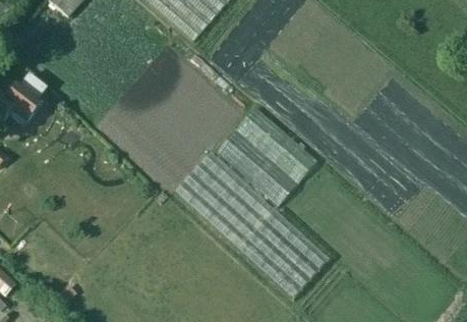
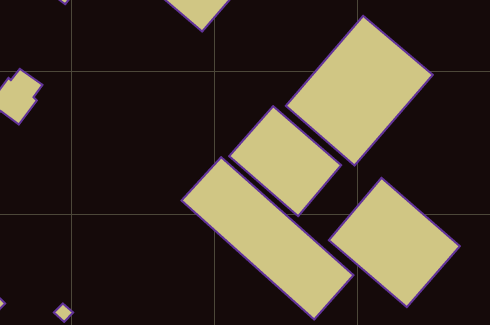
building: none -> [286,16,433,165]
building: none -> [329,178,460,307]

